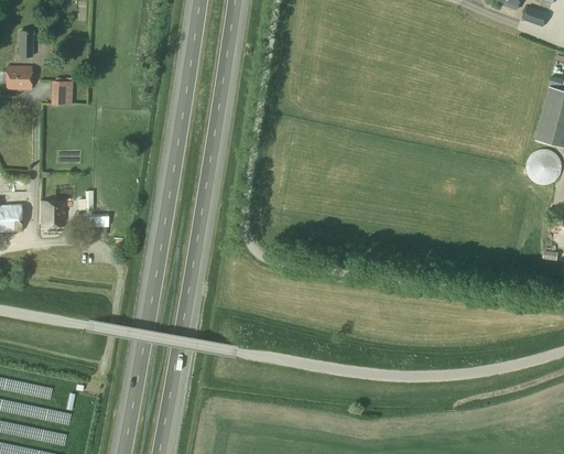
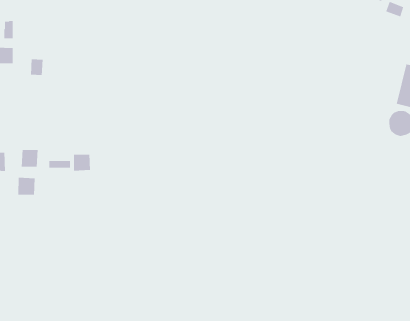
building: none -> [73,154,91,171]
building: none -> [18,177,36,195]

